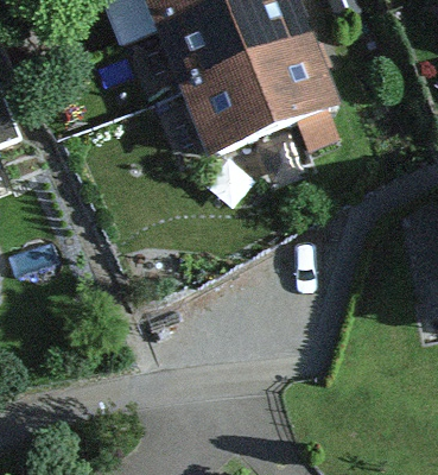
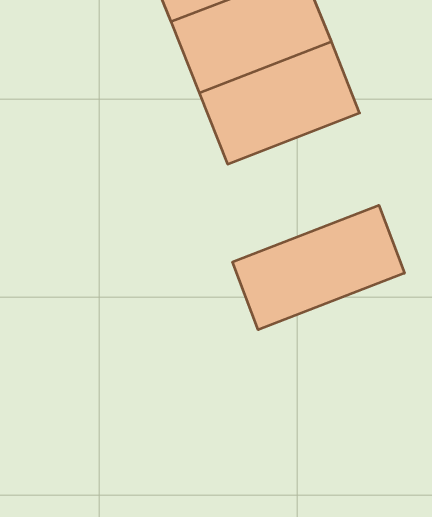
building: none -> [233,205,404,330]

